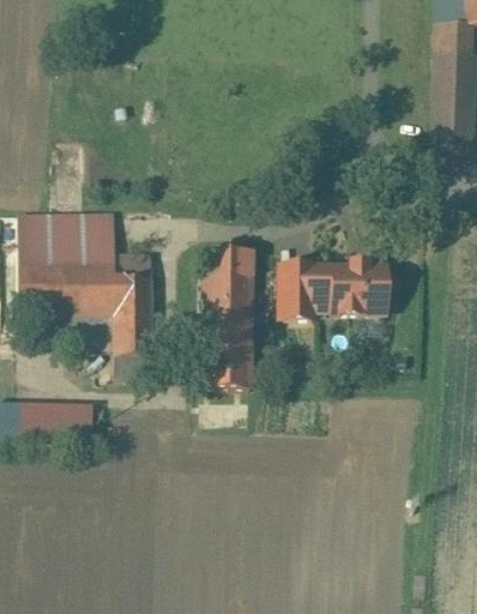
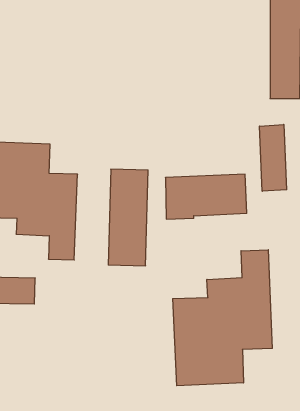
building: none -> [260,124,287,191]
building: none -> [173,250,272,386]

